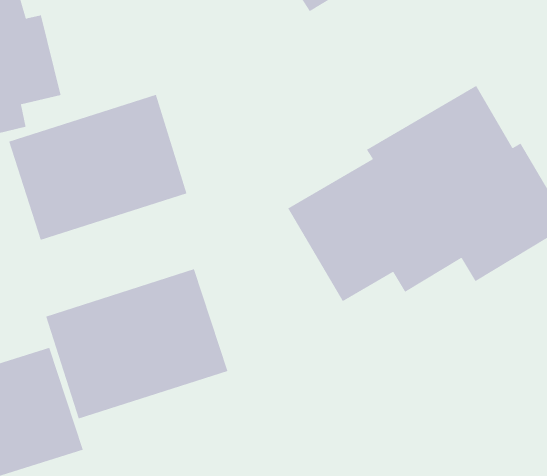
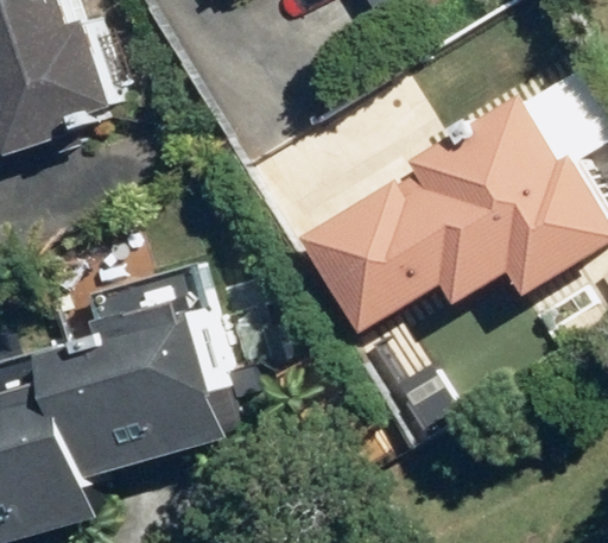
building: [8,94,187,241] -> none

